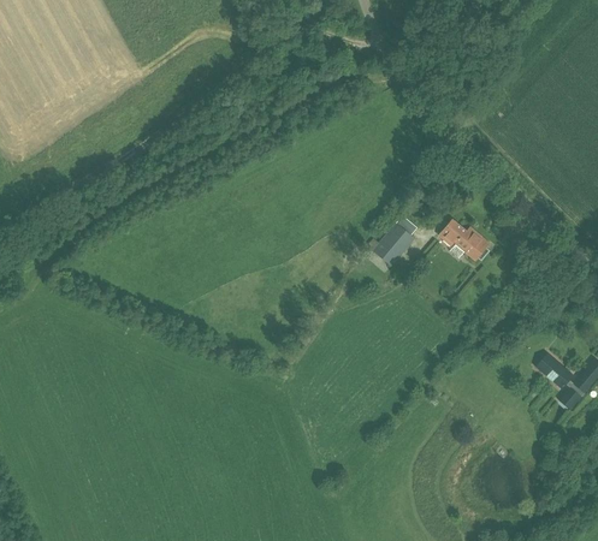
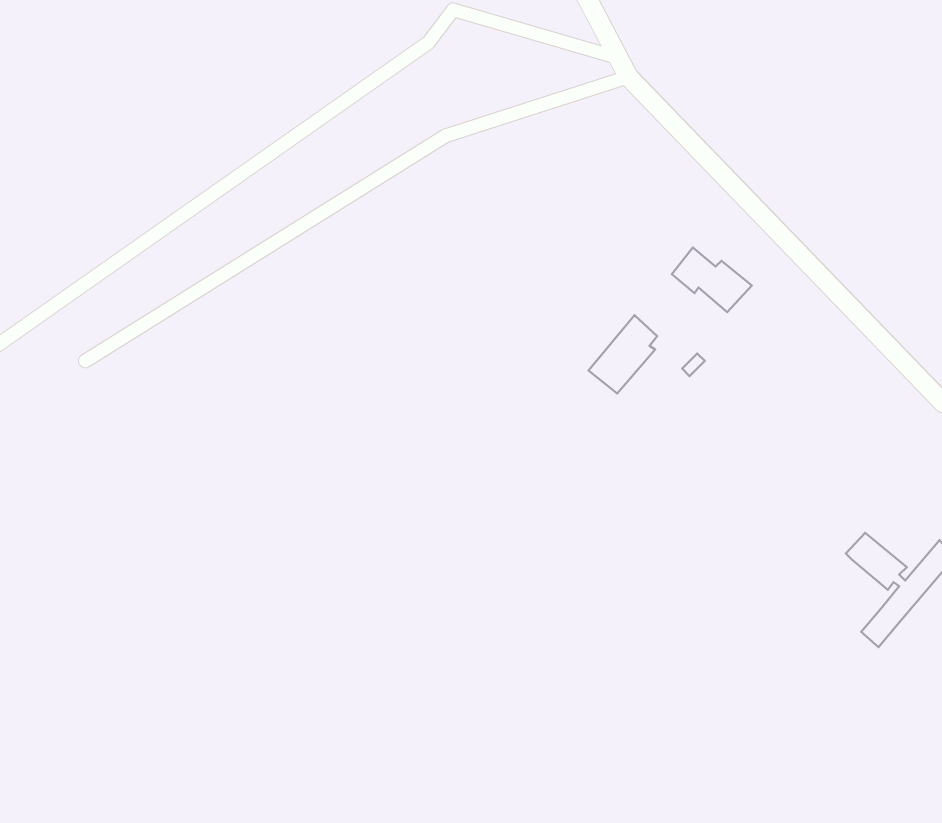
building: [439,219,490,260] -> [672,247,752,312]

